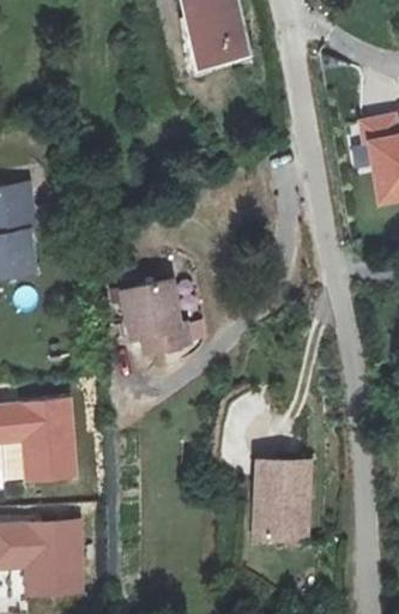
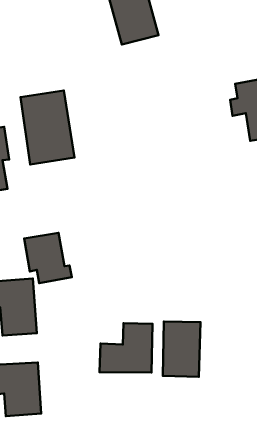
building: none -> [20,91,75,164]
building: [123,282,192,354] -> [24,233,72,283]
building: none -> [99,323,153,372]

